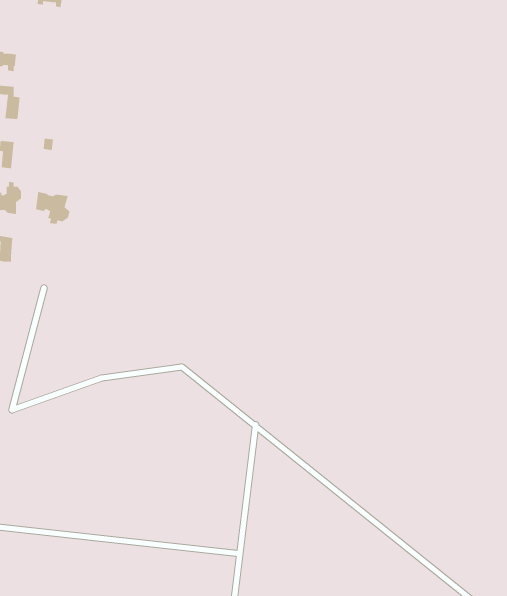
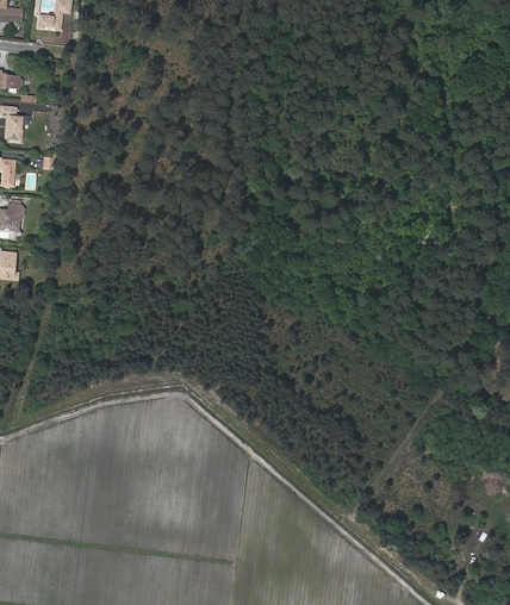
building: [36,191,70,224] -> none

